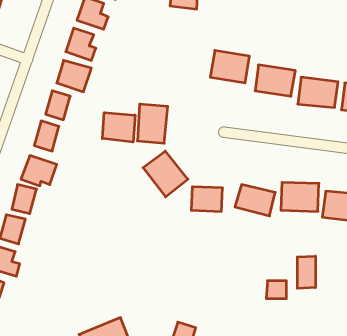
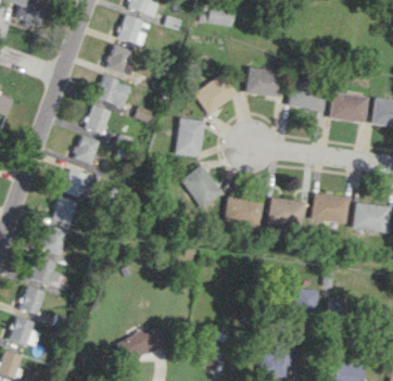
building: none -> [192,73,236,115]
building: [102,113,135,142] -> none
building: [297,256,315,288] -> none

